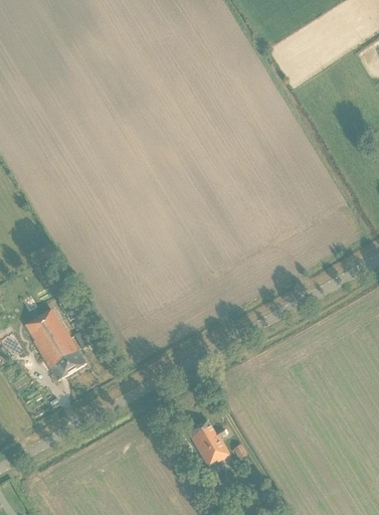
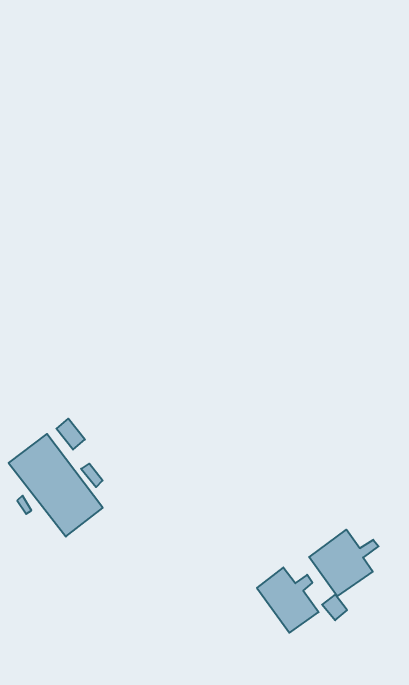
building: none -> [309,530,379,596]

